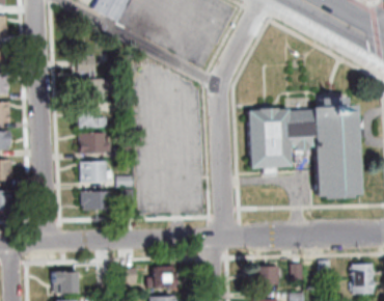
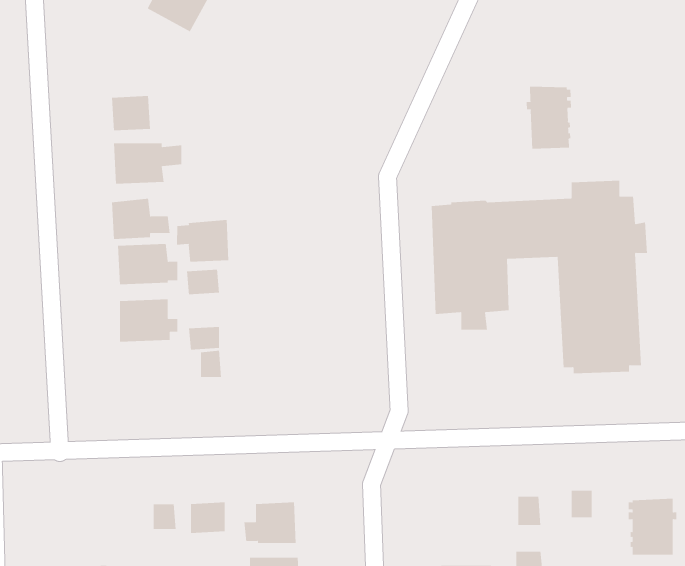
building: none -> [526,86,572,149]
building: none -> [177,219,229,262]
building: [81,189,113,210] -> none
building: [254,267,277,285] -> none
building: [53,271,77,295] -> none

